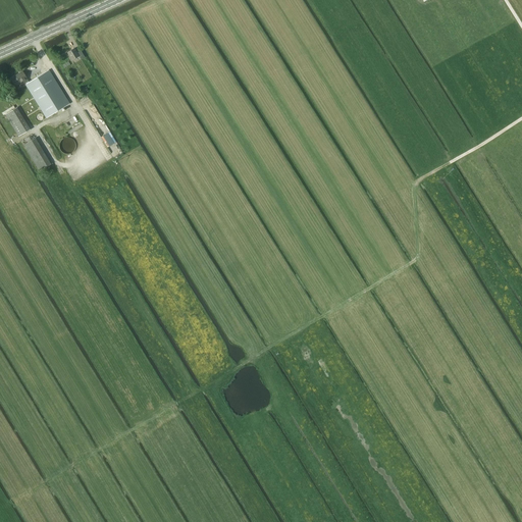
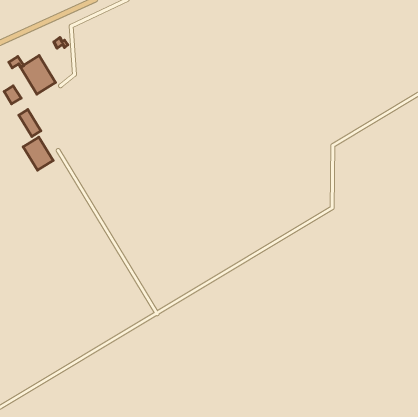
building: none -> [23,137,53,170]

